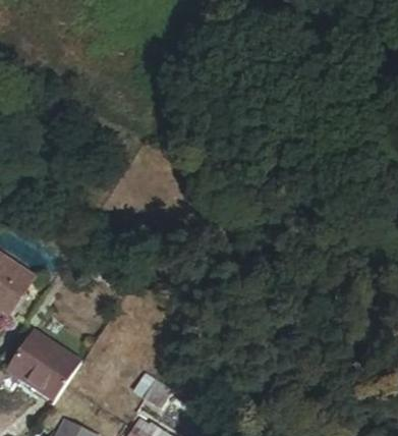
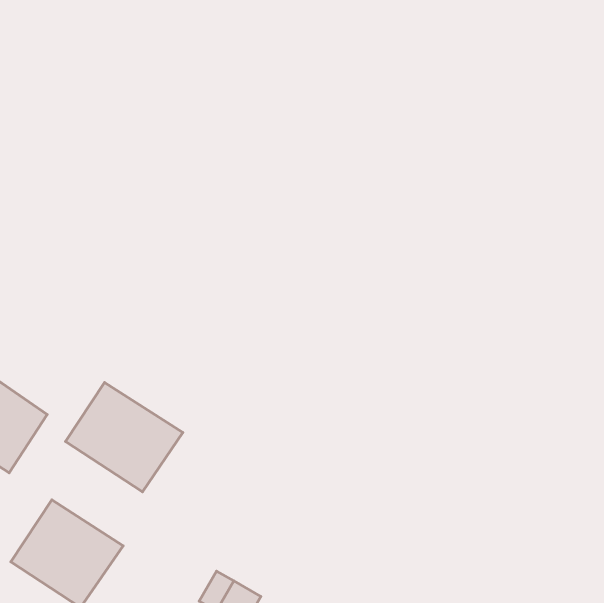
building: none -> [66,383,183,492]

